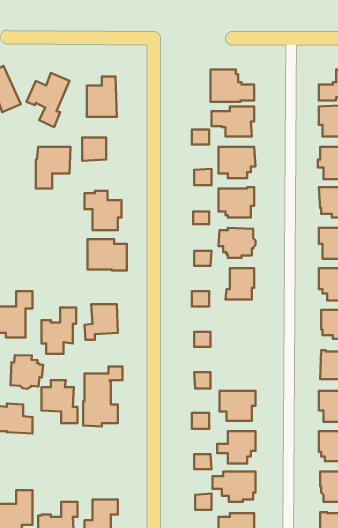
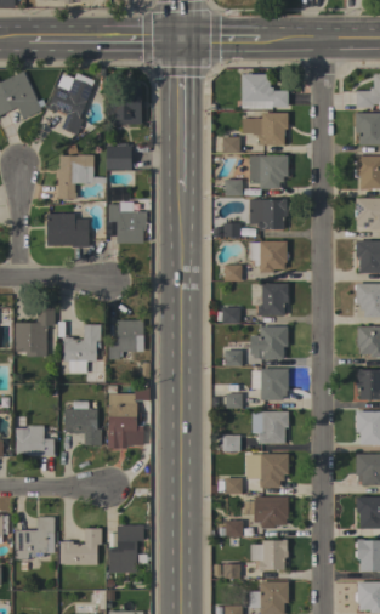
building: [88,239,127,271] -> [47,214,89,246]
building: none -> [251,326,288,359]
building: none -> [261,369,289,400]
building: [11,355,43,389] -> none

